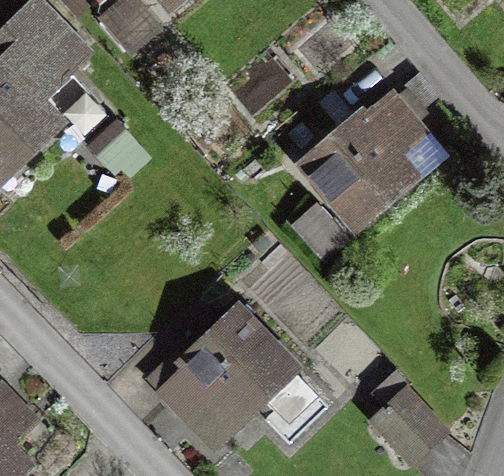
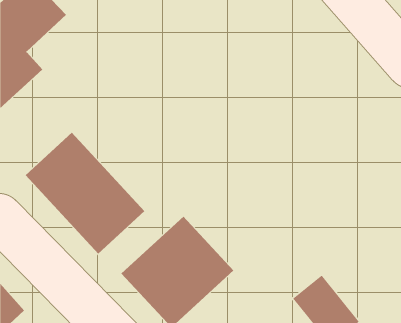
building: [305,93,427,229] -> none
building: none -> [25,132,145,254]

